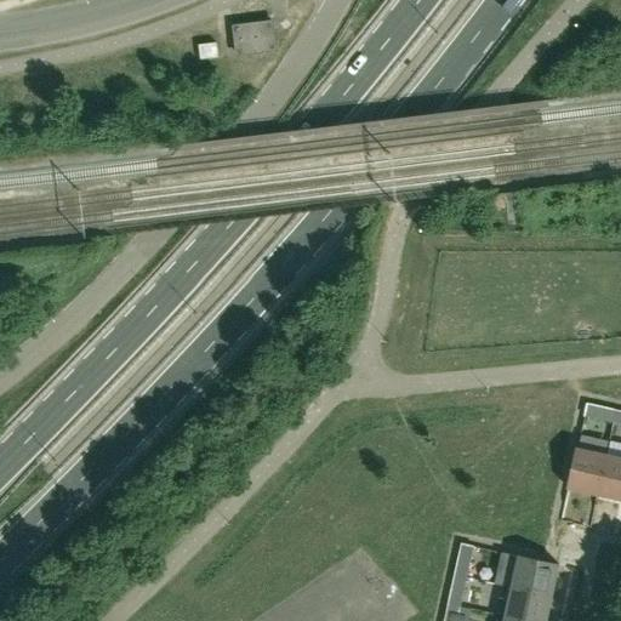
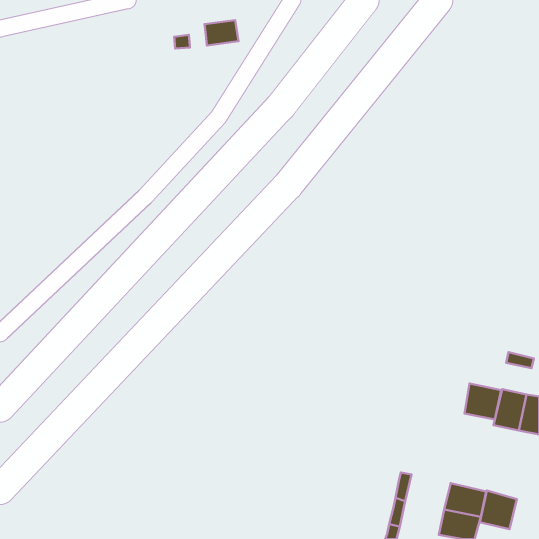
building: none -> [464,384,501,420]
building: none -> [480,490,517,529]

